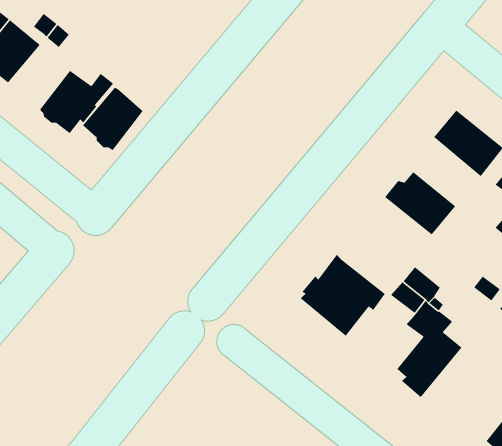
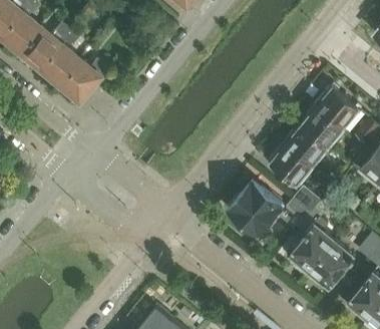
building: [82,87,143,151] -> [38,44,78,86]
building: none -> [303,104,347,149]
building: none -> [269,143,315,187]
building: none -> [308,242,356,287]

